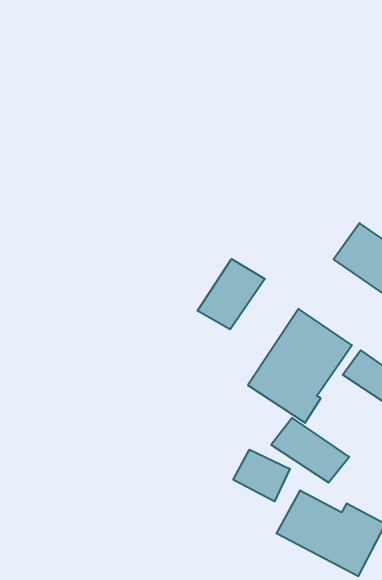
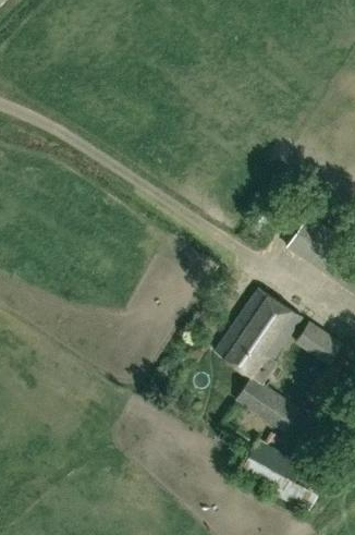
building: [197,259,265,329] -> none
building: [233,450,290,501] -> none

